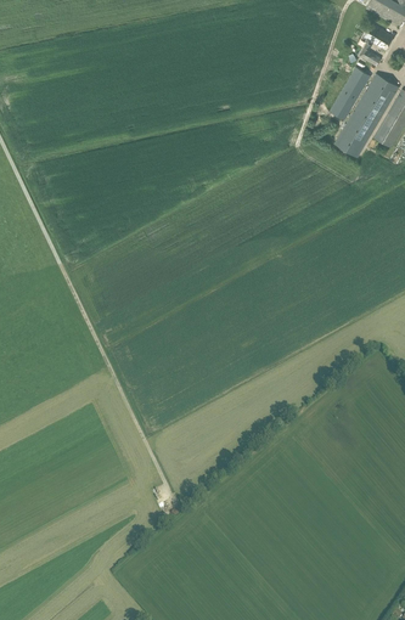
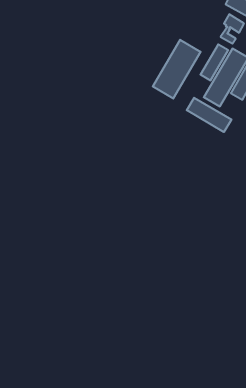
building: none -> [153,40,201,99]
building: none -> [187,98,231,132]

